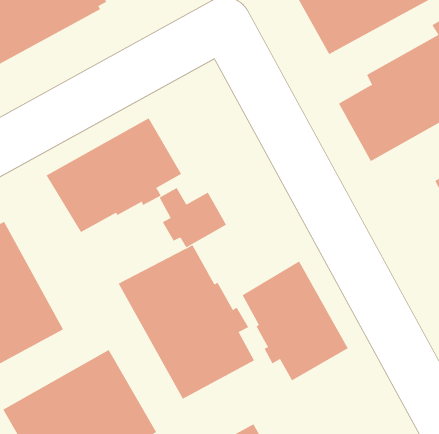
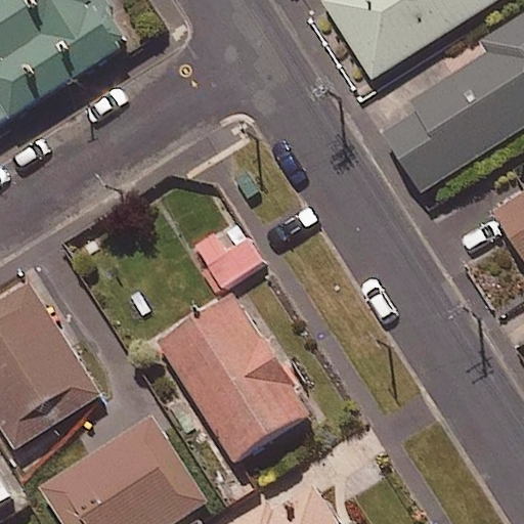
building: [46,117,182,233] -> none
building: [242,261,349,381] -> none

